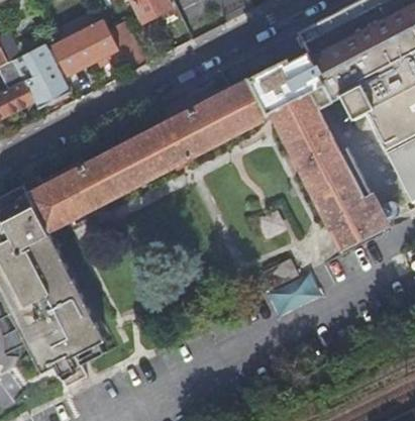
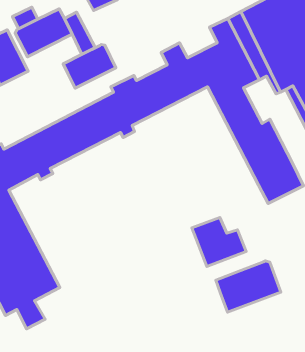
building: none -> [63,45,116,88]
building: none -> [216,261,281,312]

